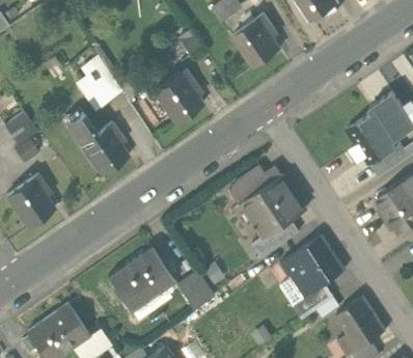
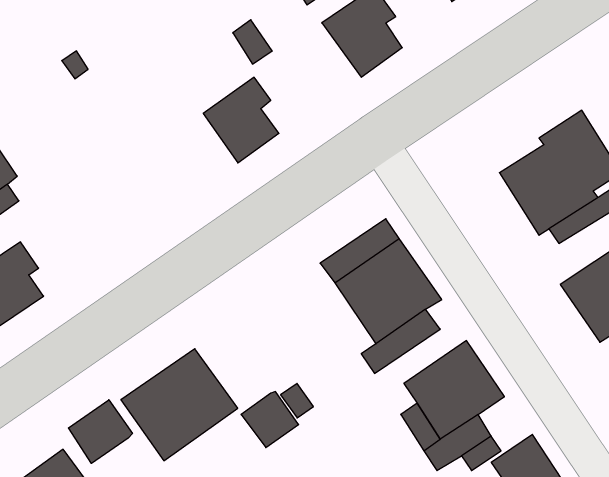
building: [77,68,120,113] -> none
building: [64,111,132,177] -> none
building: none -> [68,400,132,463]

